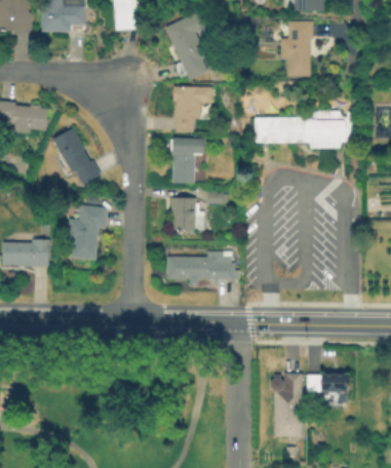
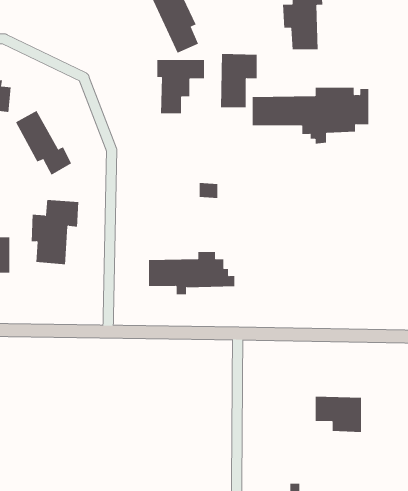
building: [171,138,203,184] -> [220,53,257,108]
building: [171,197,195,234] -> none
building: [273,373,303,436] -> none

